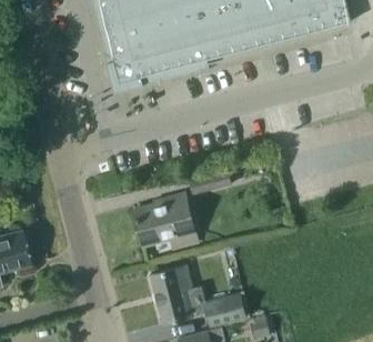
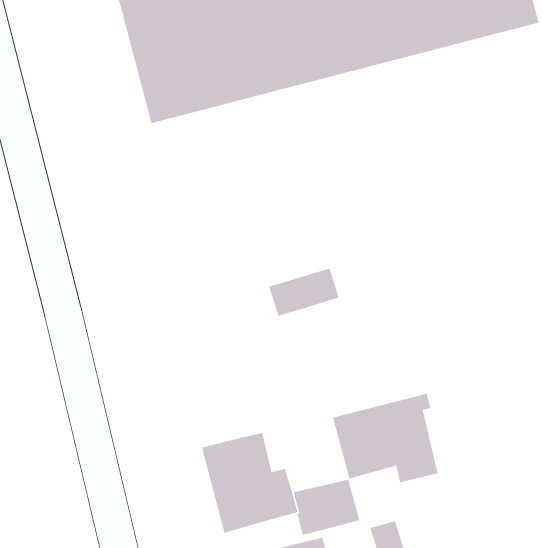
building: [133,195,196,249] -> [332,393,439,483]

